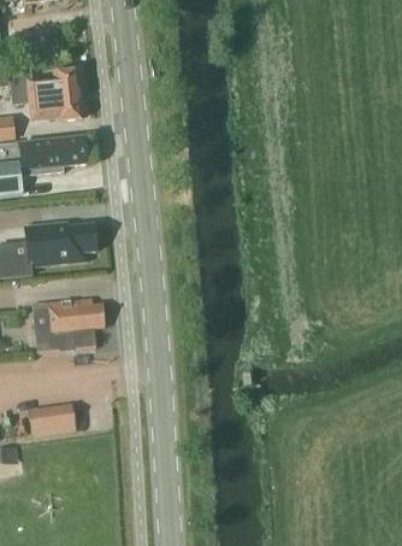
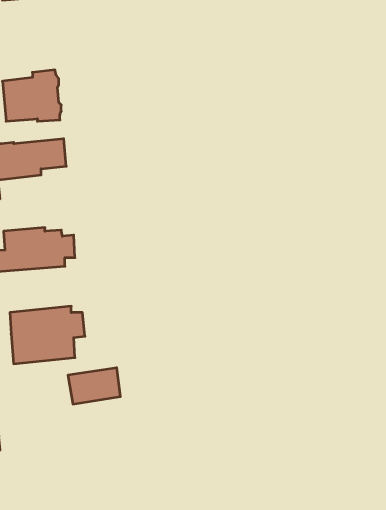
building: [34,400,84,435] -> [68,368,120,404]

